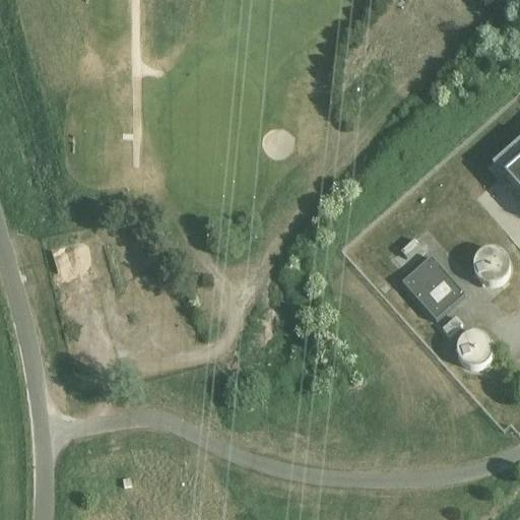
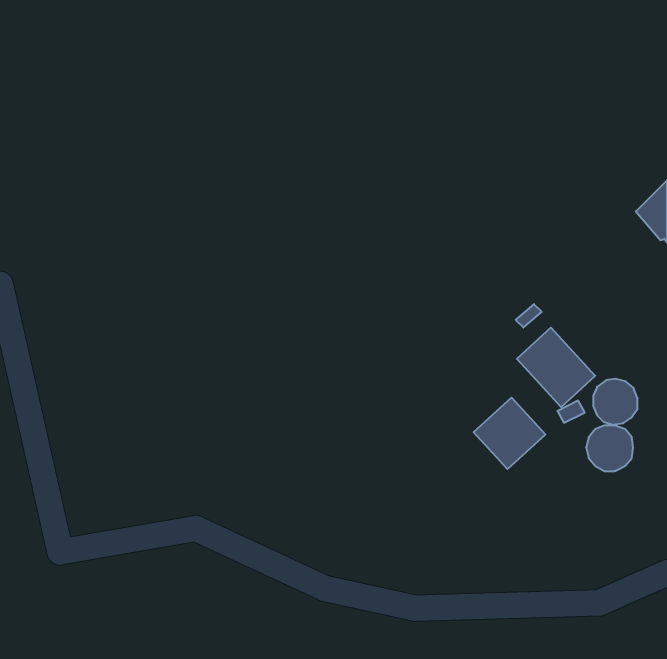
building: [472,247,507,282] -> [593,379,638,425]
building: none -> [474,398,545,469]

